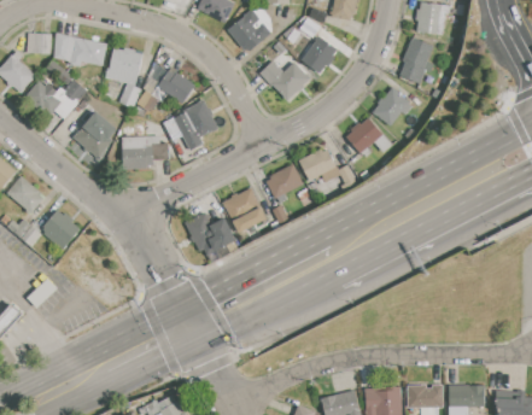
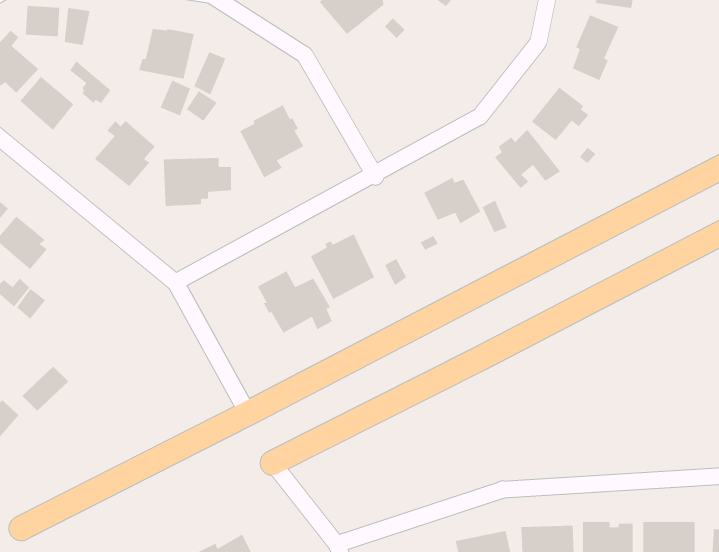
building: [71,37,107,66] -> none
building: [303,37,338,72] -> none
building: [261,60,312,104] -> none
building: [158,66,197,104] -> none
building: [265,164,303,204] -> none
building: [42,210,81,247] -> none

